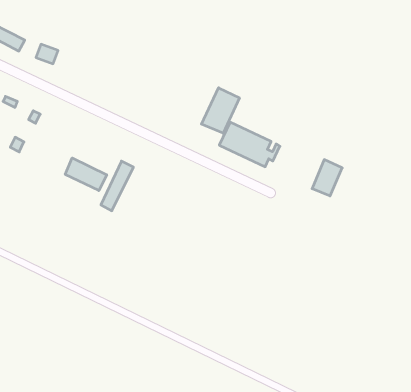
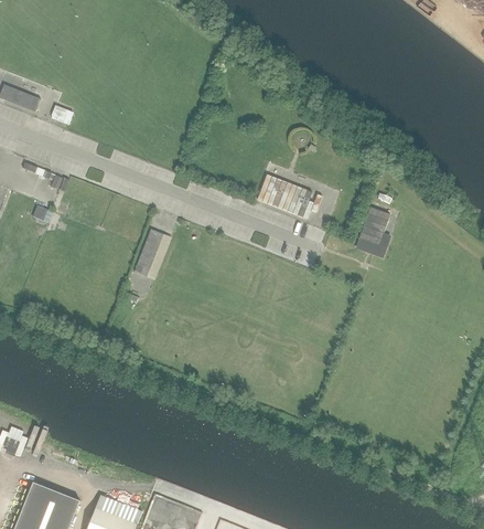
building: [201,88,239,133] -> none
building: [65,158,107,191] -> none

